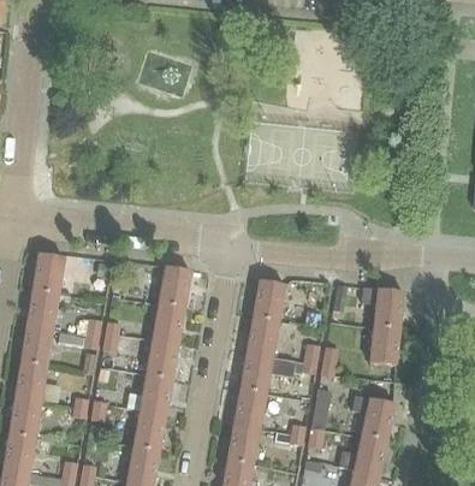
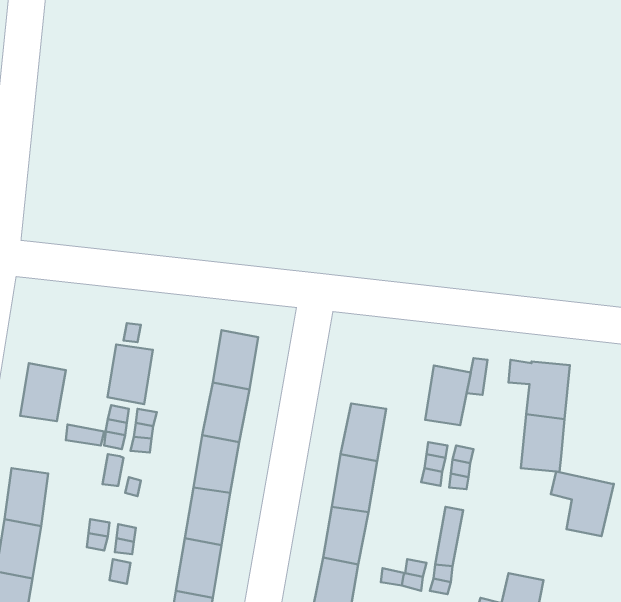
building: [31,254,63,295] -> [107,345,153,404]
building: [253,280,284,321] -> [425,366,471,425]
building: [19,326,51,366] -> none
building: [350,395,393,439] -> [551,471,614,536]

